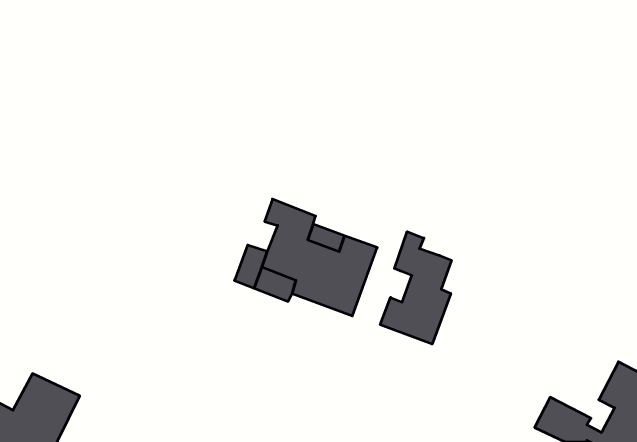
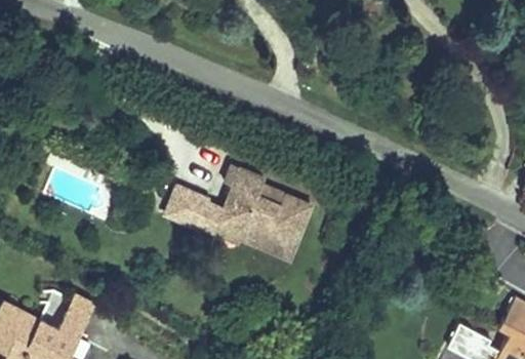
building: none -> [172,186,216,226]
building: [380,232,451,344] -> none

